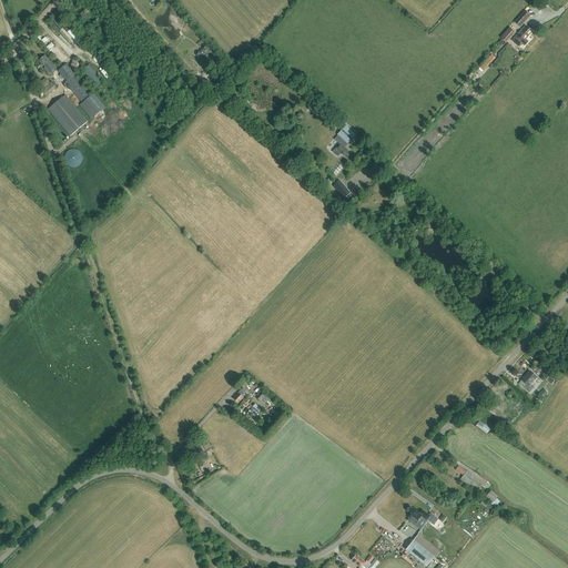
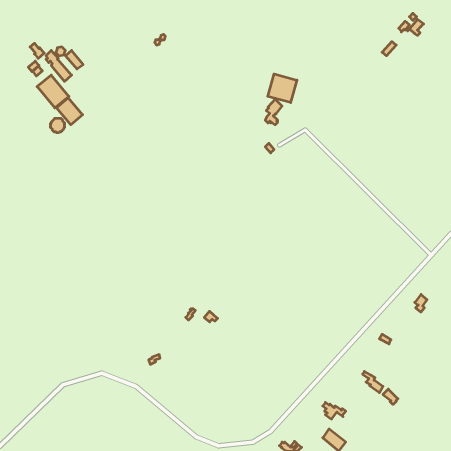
building: none -> [268,74,297,103]
building: none -> [57,98,83,125]

